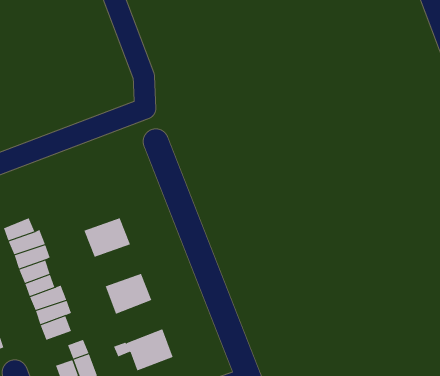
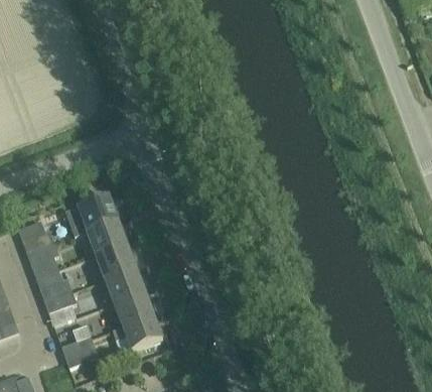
building: none -> [73,195,118,232]
building: none -> [96,244,136,279]
building: none -> [114,291,154,328]

